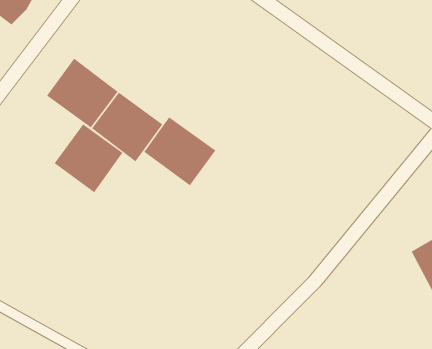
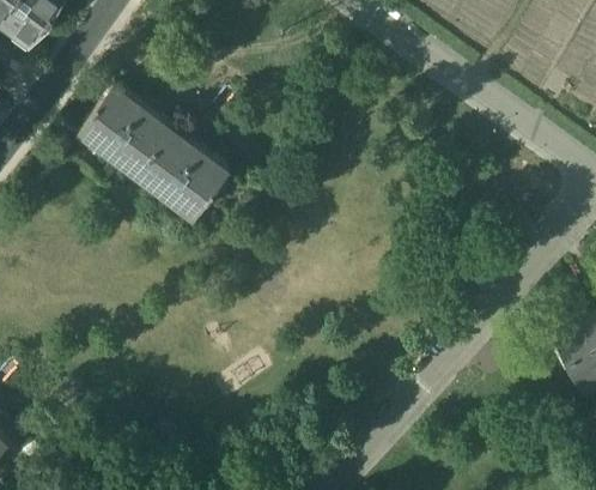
building: [143,116,216,186] -> none
building: [54,124,123,193] -> none

